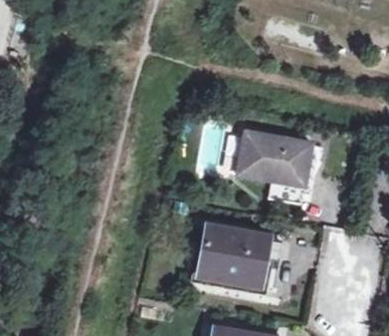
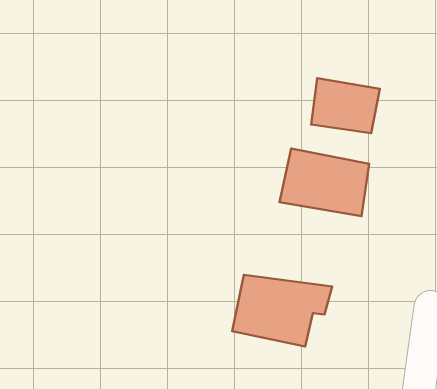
building: none -> [311,78,380,133]

